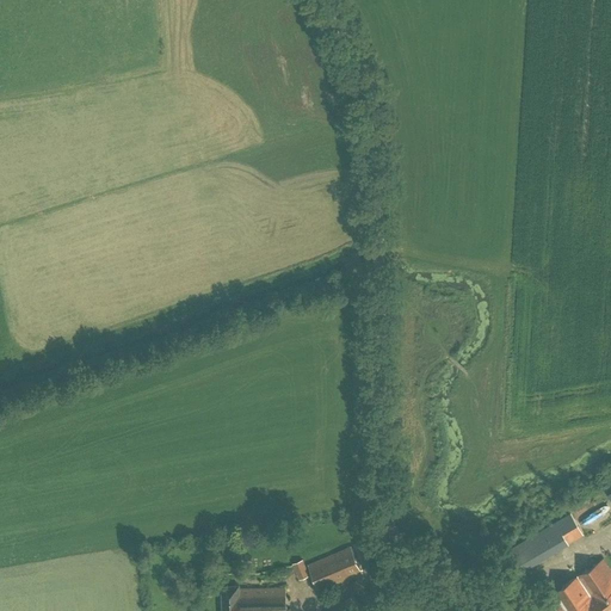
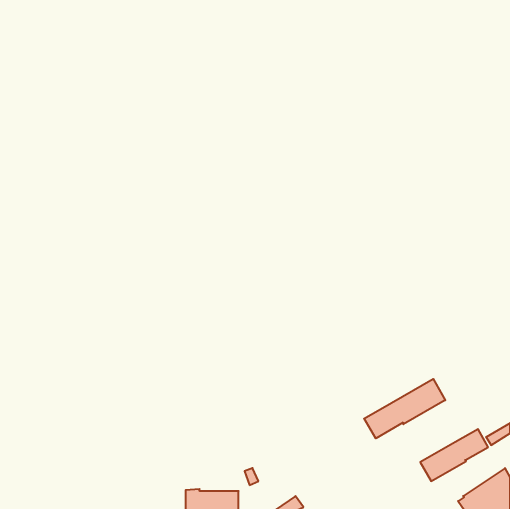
building: none -> [364,379,445,438]
building: [308,548,362,592] -> none

